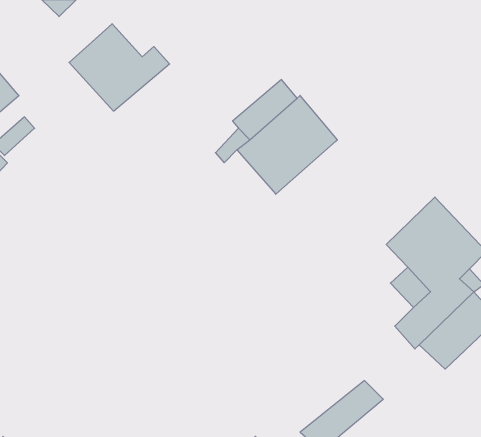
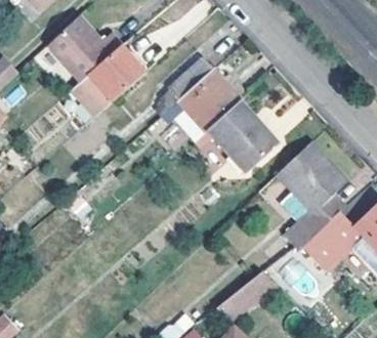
building: none -> [62,46,145,124]
building: none -> [208,101,280,172]

